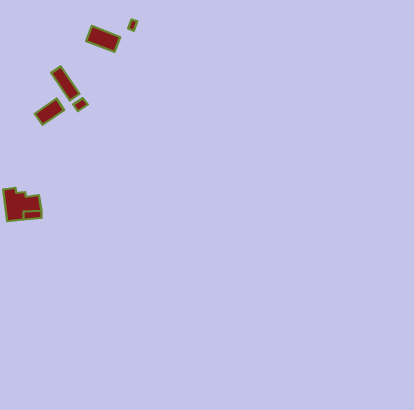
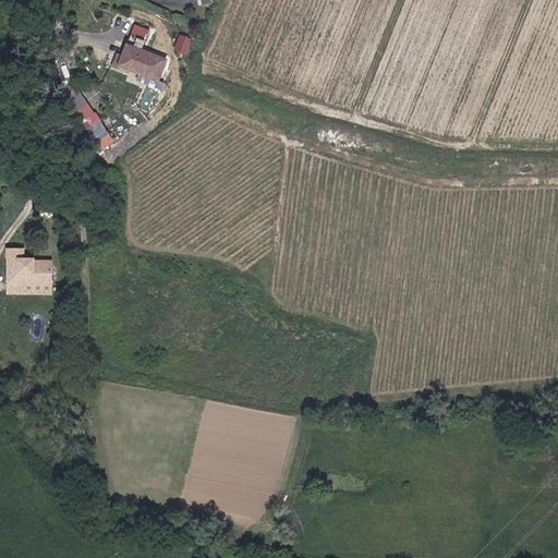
building: [35,99,64,125] -> none

